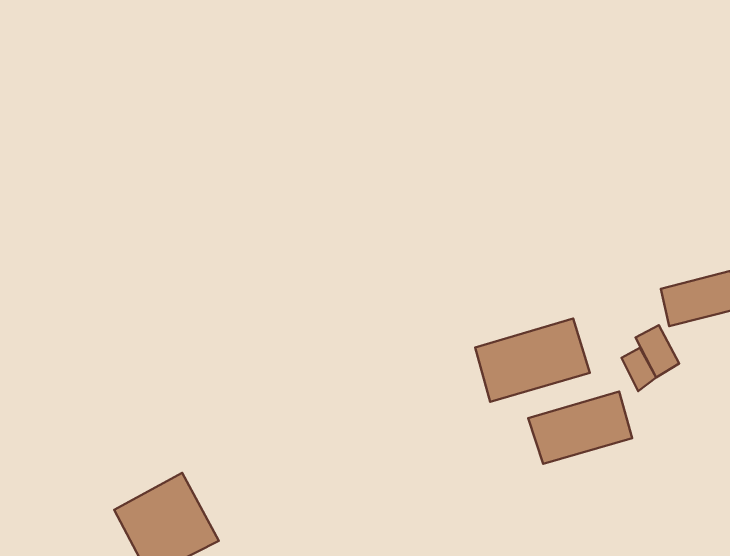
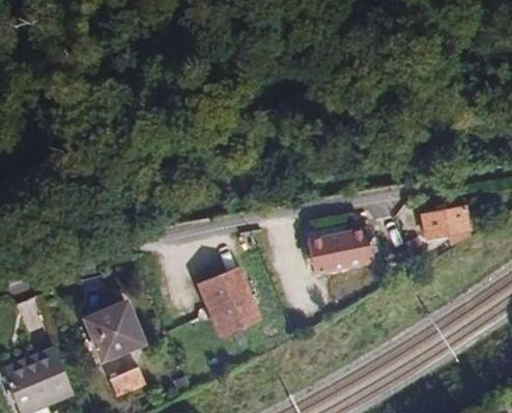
building: [528,392,632,464] -> none
building: none -> [199,267,261,335]

